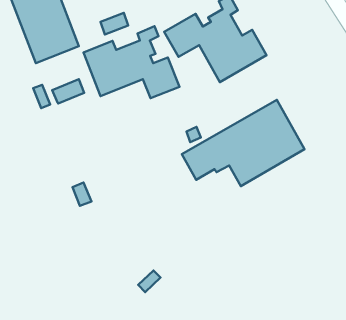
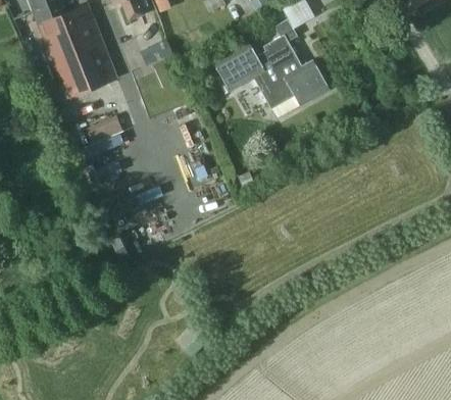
building: [83,26,179,98] -> none
building: [182,100,305,186] -> none

